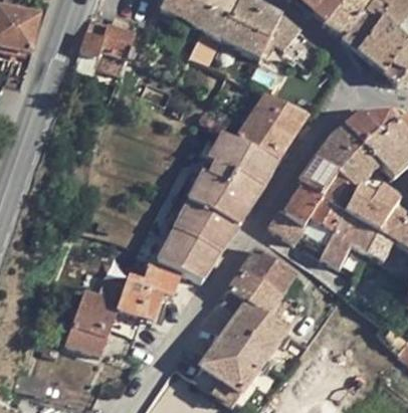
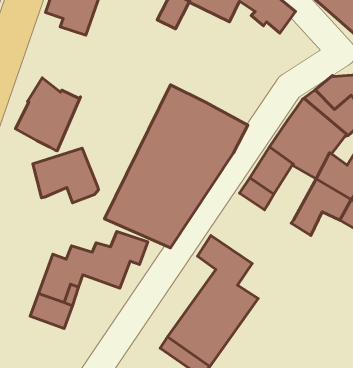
building: [237,92,309,159] -> none
building: none -> [15,78,80,151]
building: none -> [33,148,98,203]
building: [298,198,345,251] -> none
building: [242,245,296,293] -> none

